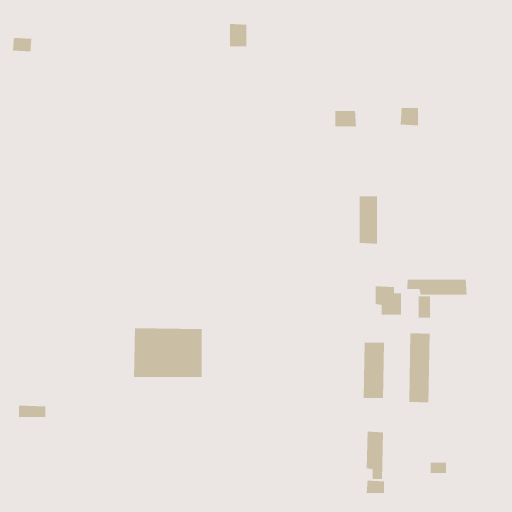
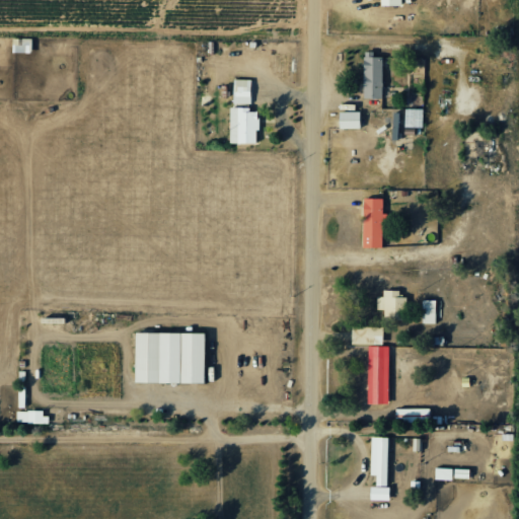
building: [229,23,247,47] -> [233,79,251,103]
building: none -> [363,57,382,98]
building: none -> [230,108,258,144]
building: [406,279,467,296] -> none
building: [408,332,431,403] -> none

